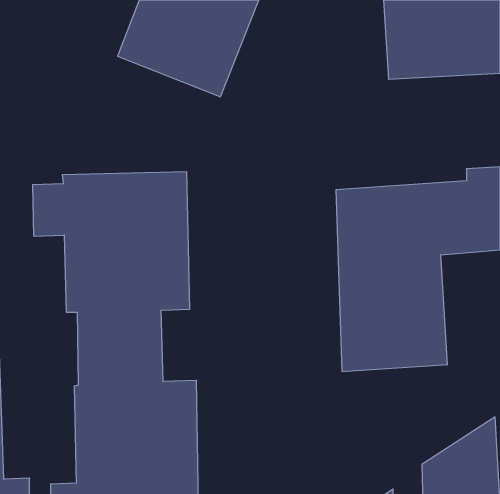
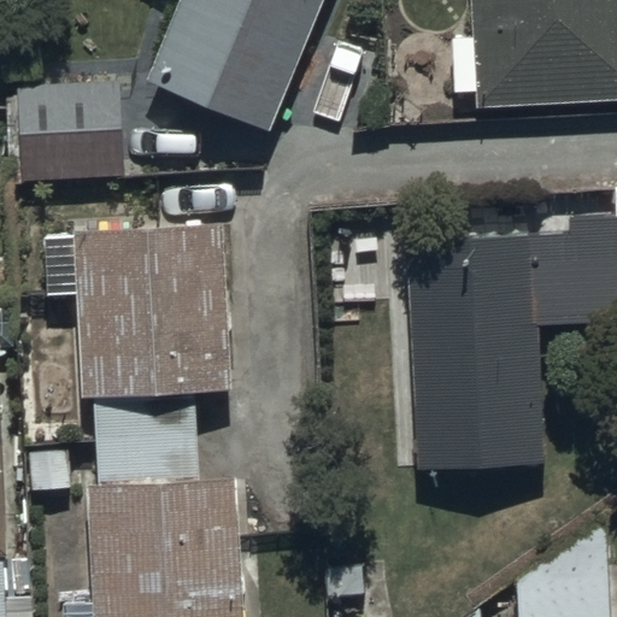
building: none -> [17,86,123,177]

